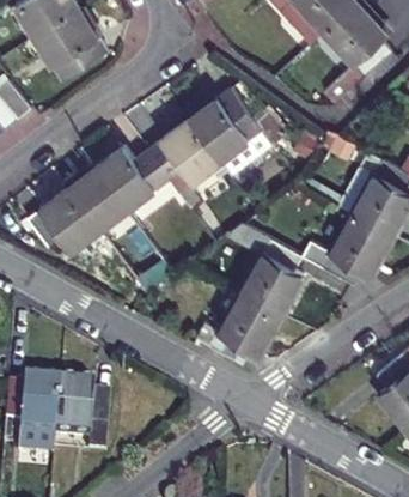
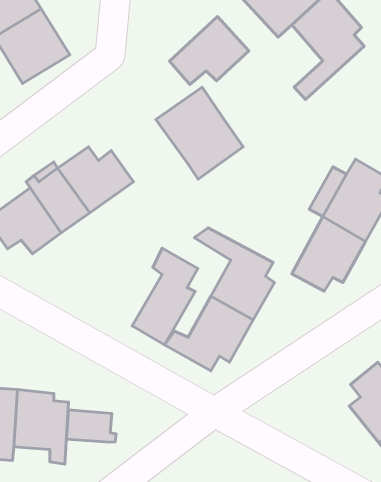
building: none -> [169,16,249,85]
building: [147,119,221,192] -> none
building: none -> [132,248,198,345]
building: none -> [66,410,116,442]

